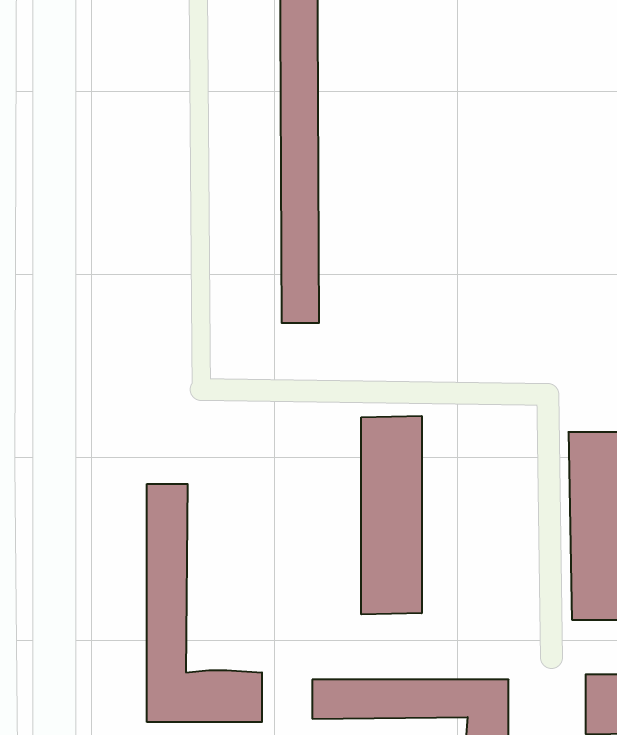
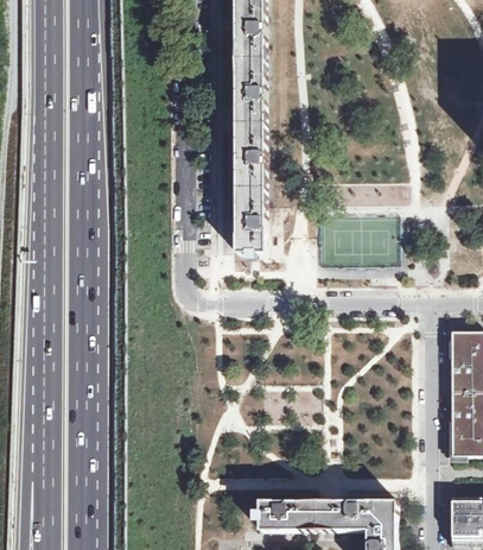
building: [361,416,422,614] -> none
building: [147,484,262,722] -> none

